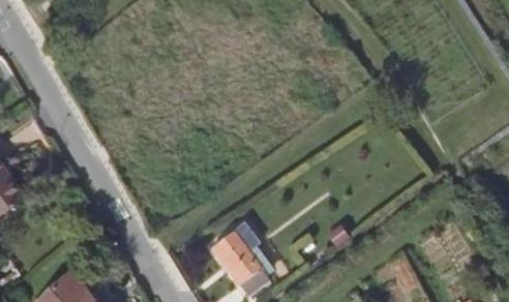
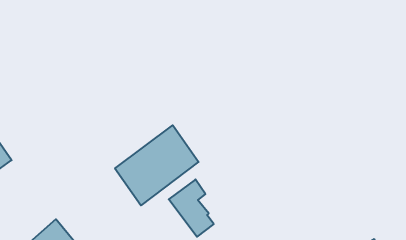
building: none -> [115,125,199,205]

